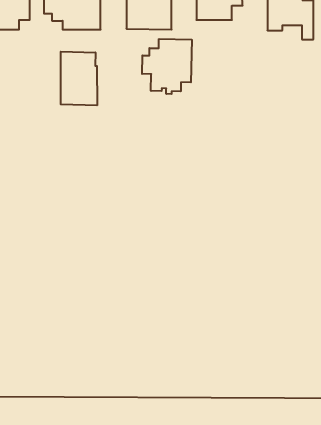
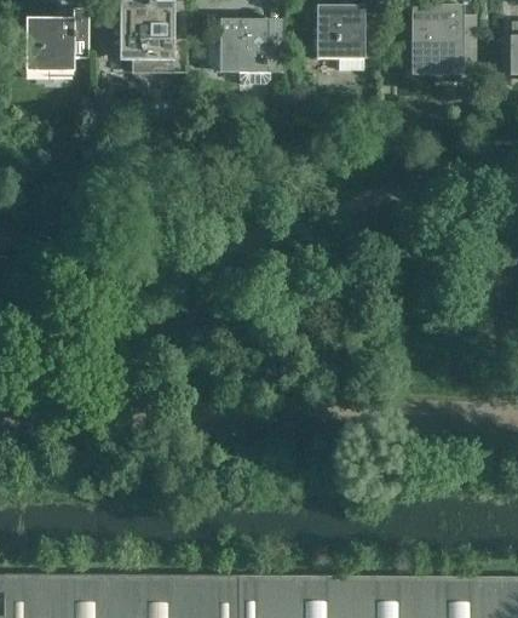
building: [142,39,192,94] -> none
building: [61,52,97,105] -> none

